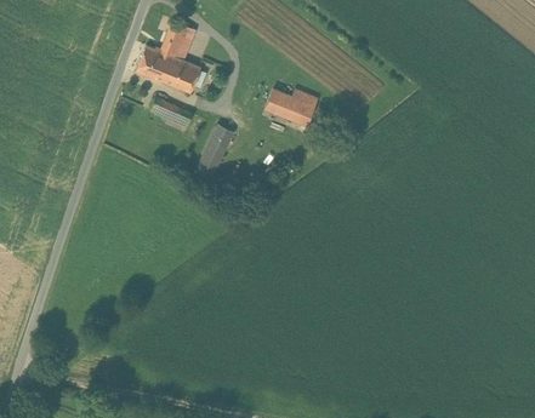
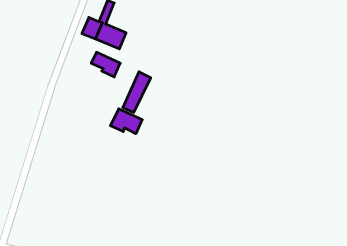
building: [262,88,318,126] -> none
building: none -> [110,109,142,134]

